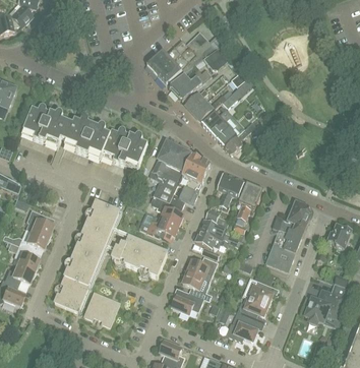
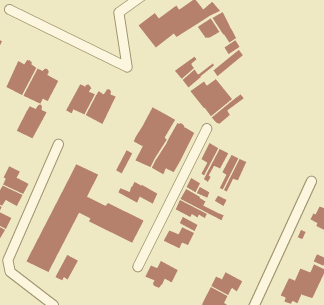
building: [167,68,211,99] -> none
building: [64,116,94,150] -> [16,104,48,139]
building: [119,133,147,169] -> none
building: [149,194,183,225] -> none
building: [265,201,311,270] -> none
building: [182,270,212,300] -> none
building: [243,277,272,304] -> none
building: [97,296,119,325] -> none

